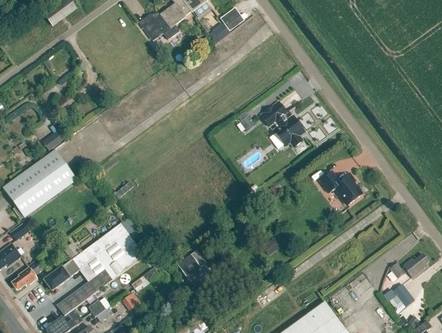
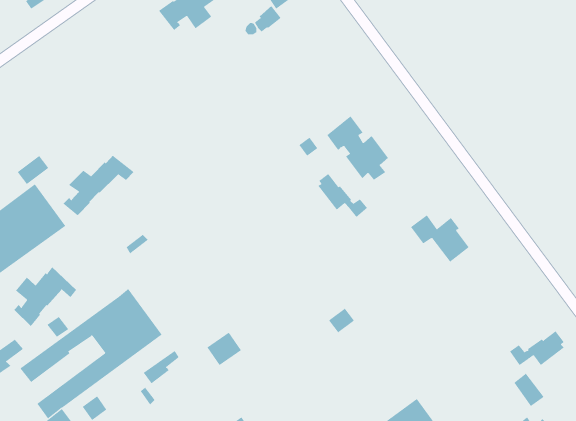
building: none -> [63,155,135,216]
building: none -> [318,173,368,218]
building: none -> [14,267,77,327]

